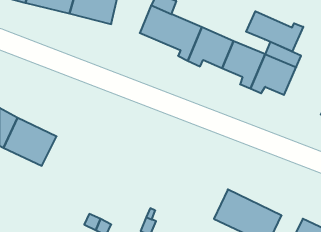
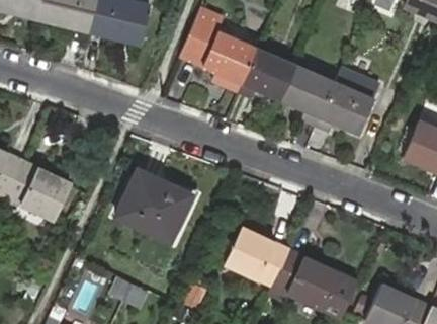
building: [246,11,303,51] -> none
building: none -> [116,170,191,241]
building: none -> [225,229,288,287]

